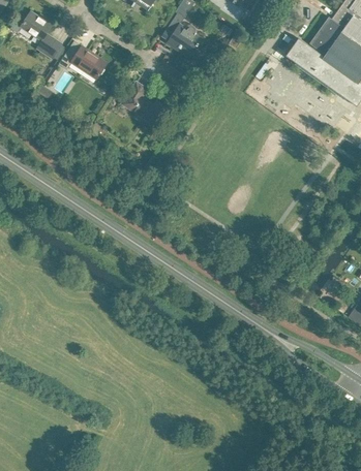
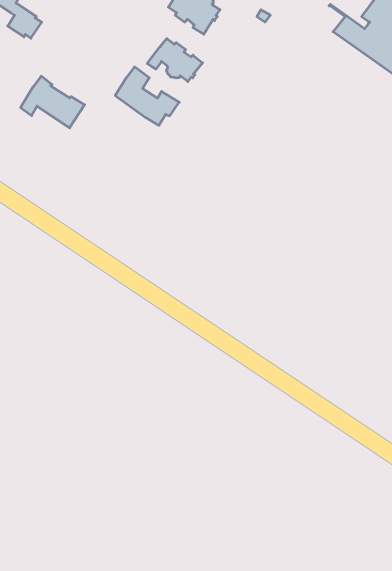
building: [59,40,108,80] -> [21,76,85,128]
building: none -> [147,39,203,82]

